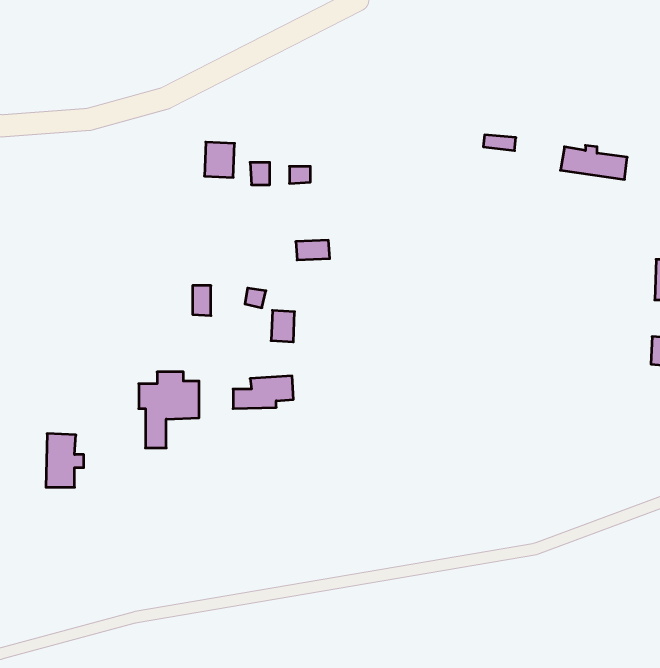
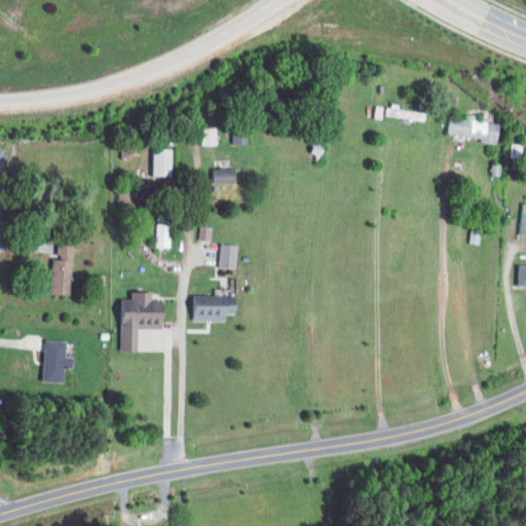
building: [204,142,235,177] -> [152,149,176,177]
building: [296,240,330,260] -> [212,168,238,184]
building: none -> [50,245,74,296]

